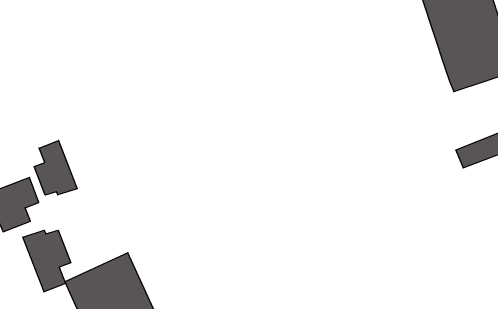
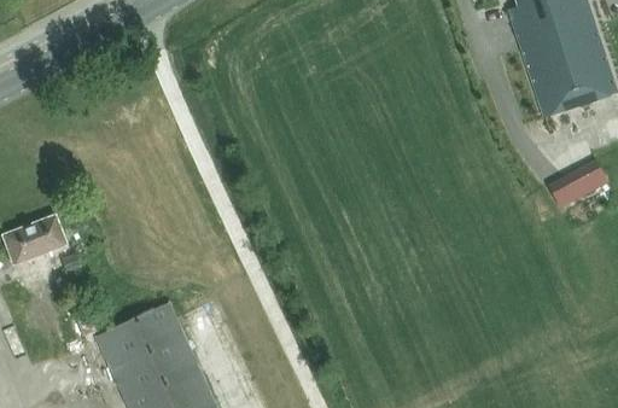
building: [34,140,77,195] -> none
building: [23,230,71,292] -> none

